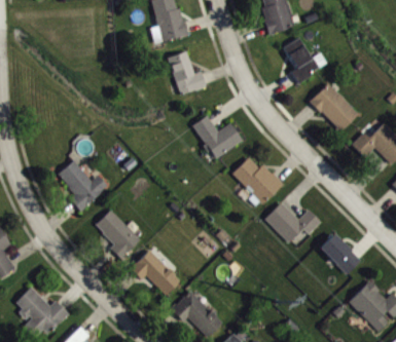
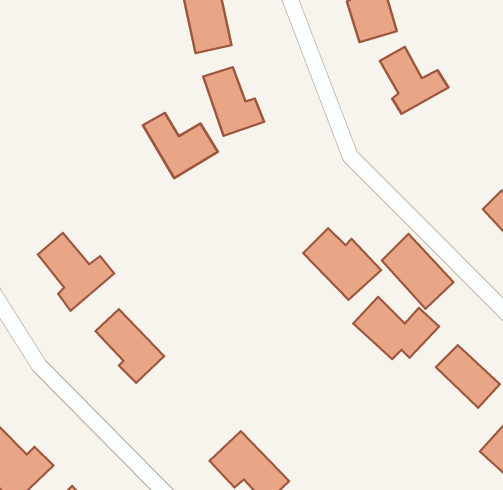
building: [311,82,358,131] -> [382,234,454,309]
building: [193,115,243,158] -> [143,113,218,178]
building: [131,249,181,295] -> none

